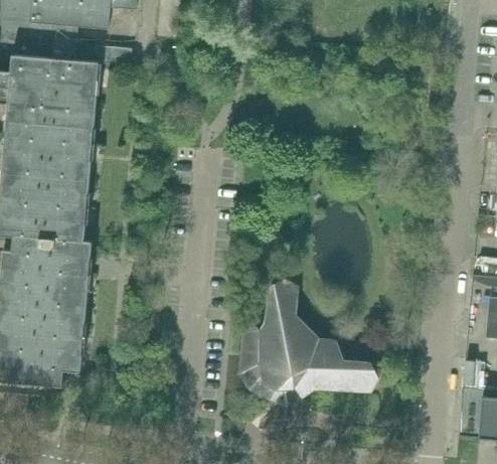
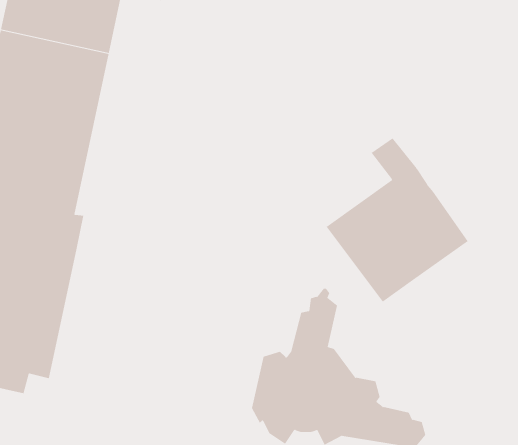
building: none -> [326,137,469,303]

